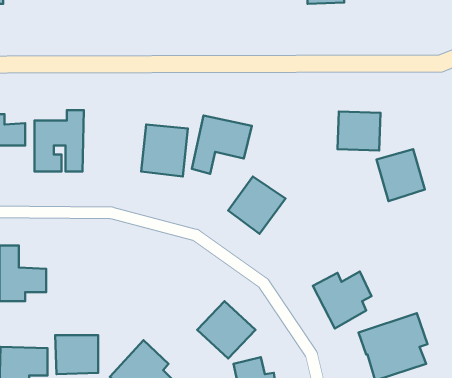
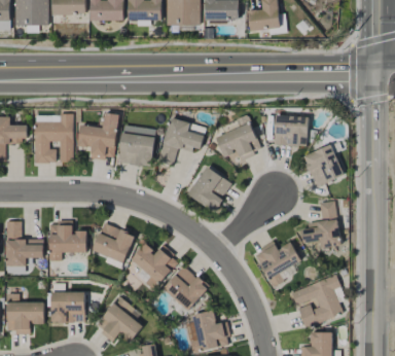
building: none -> [76,113,118,161]
building: none -> [215,115,262,161]
building: none -> [300,201,342,249]
building: none -> [49,222,86,261]
building: none -> [93,222,135,263]
building: none -> [131,244,179,291]

